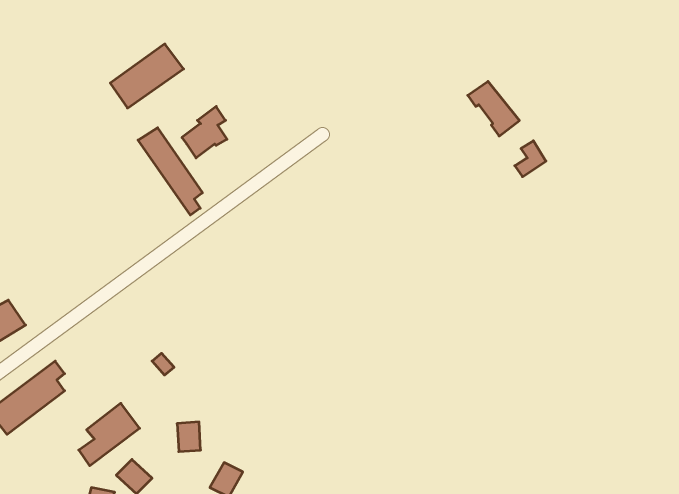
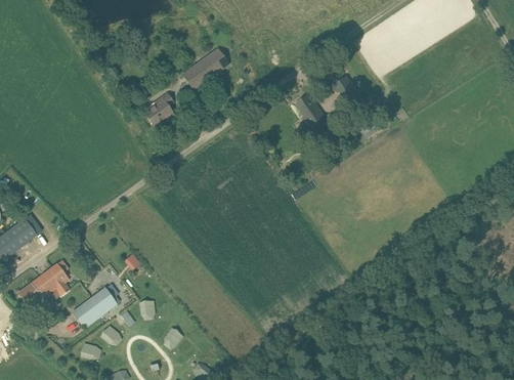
building: [110,44,184,108] -> [180,47,228,89]
building: none -> [294,92,328,132]
building: [138,128,202,215] -> none

